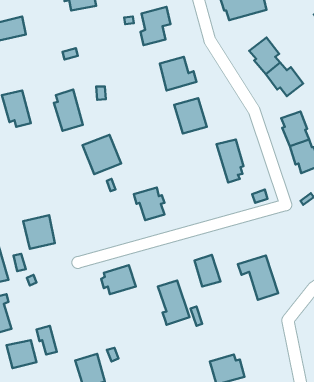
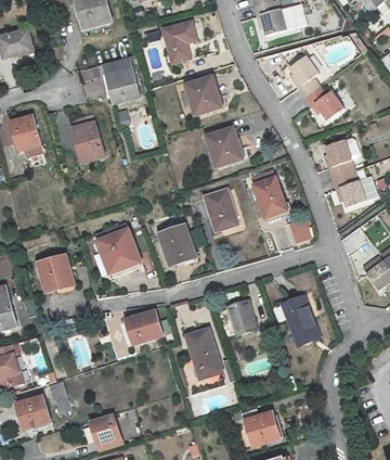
building: none -> [98,58,133,105]
building: [83,135,121,174] -> [94,227,138,271]
building: none -> [204,188,236,229]

